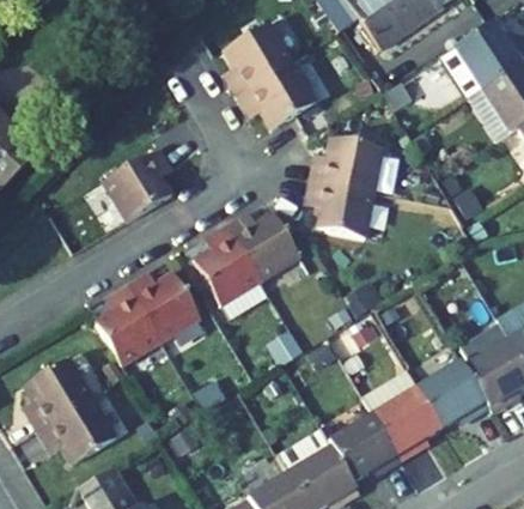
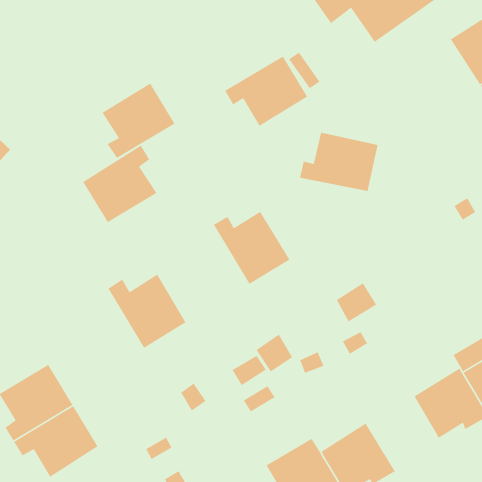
building: [223,23,293,96] -> [102,83,176,159]
building: [305,180,374,238] -> none
building: [194,224,261,307] -> none
building: [92,285,160,366] -> none
building: [372,388,441,460] -> none

